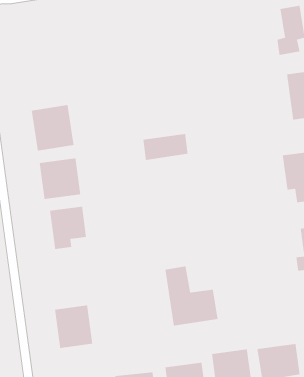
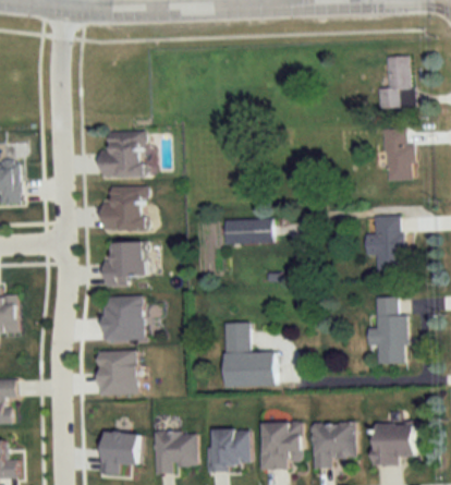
building: [142,133,189,161] -> [223,220,271,244]
building: none -> [101,295,143,340]

